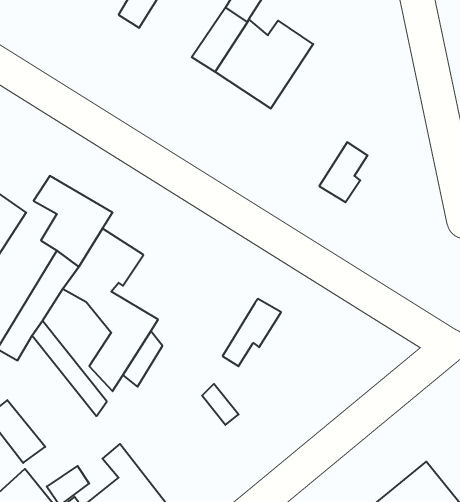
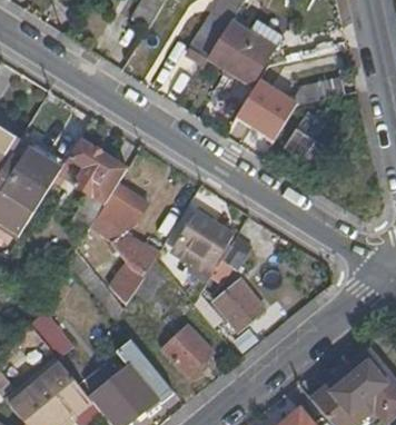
building: none -> [237,75,344,139]
building: none -> [175,210,236,284]
building: none -> [217,283,268,335]
building: none -> [164,327,215,379]

